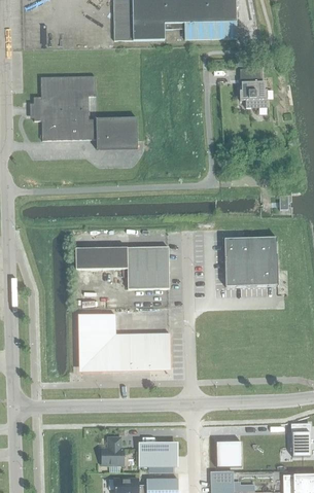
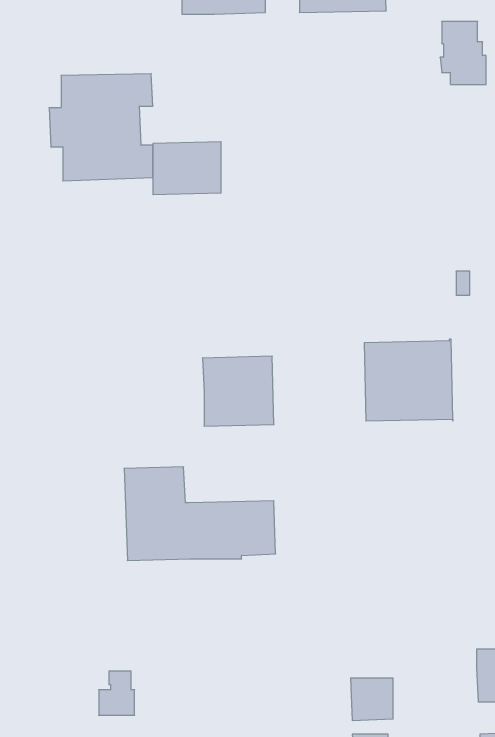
building: [239,68,267,106] -> [440,21,486,84]
building: [74,247,127,269] -> none
building: [101,436,123,463] -> [99,671,135,715]
building: [138,443,177,465] -> none

